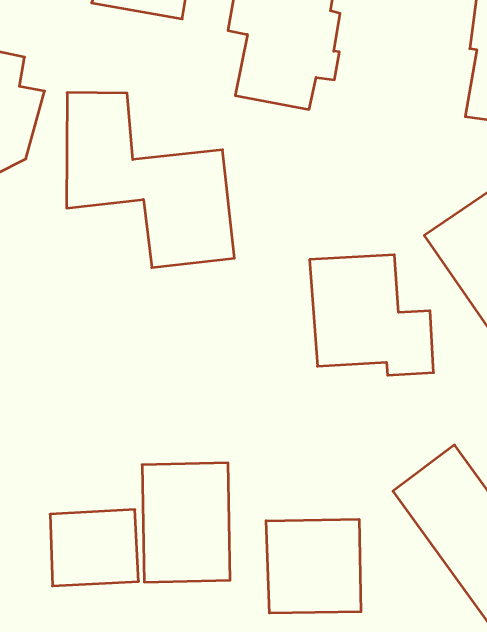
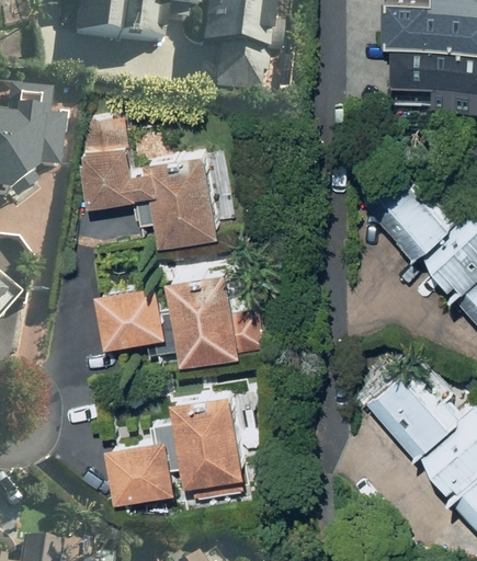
building: [310,255,434,375] -> [164,272,271,365]
building: none -> [95,283,168,348]
building: [266,519,361,613] -> none

